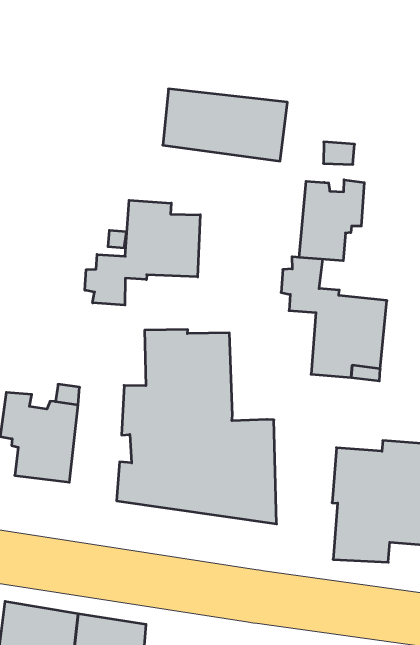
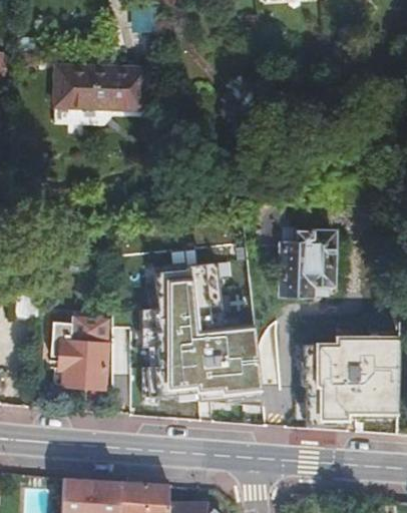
building: [163,89,287,161] -> [56,64,146,111]
building: [299,180,364,261] -> none
building: [85,200,200,305] -> none

